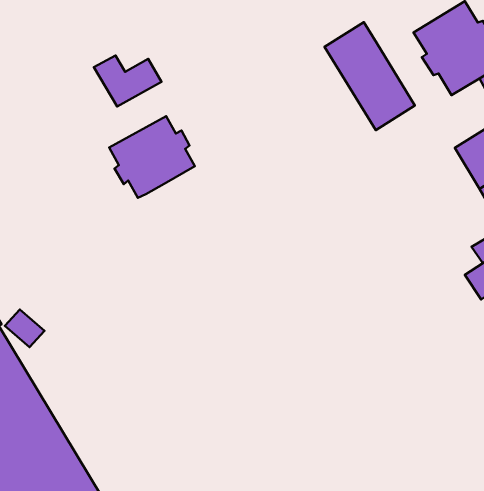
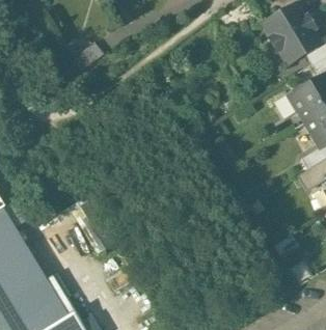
building: [325,22,415,130] -> none
building: [109,116,195,198] -> none

